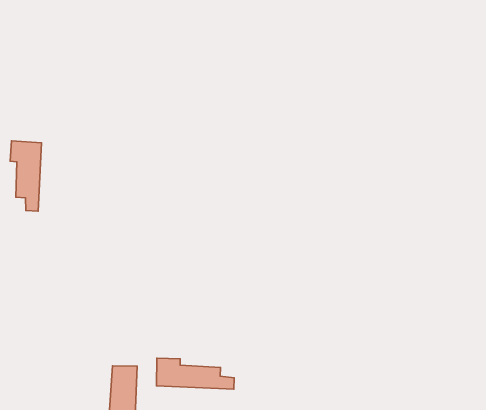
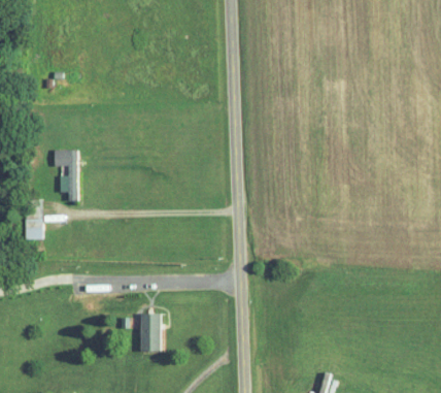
building: [157,358,234,389] -> none

